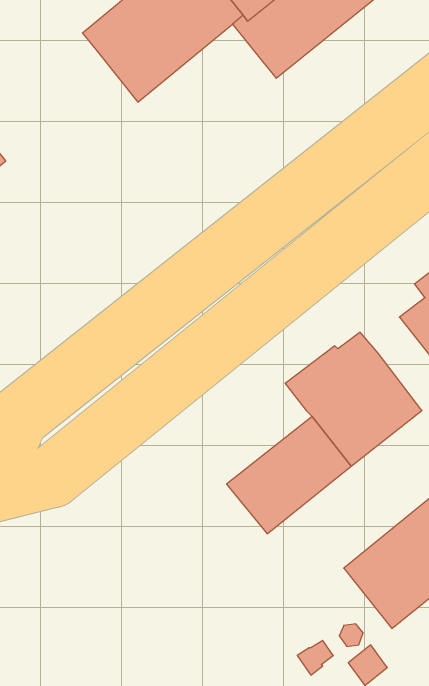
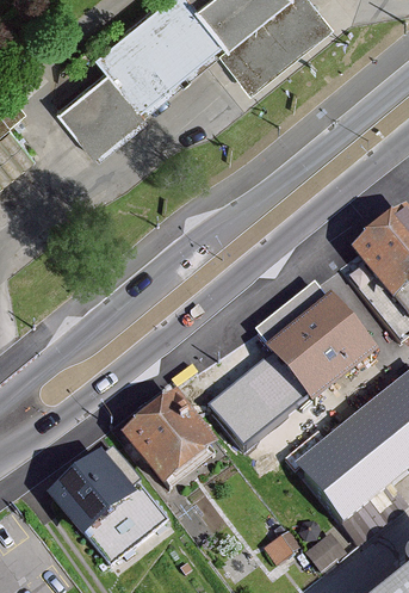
building: none -> [54,63,141,148]
building: none -> [128,399,209,480]
building: none -> [52,445,166,563]

